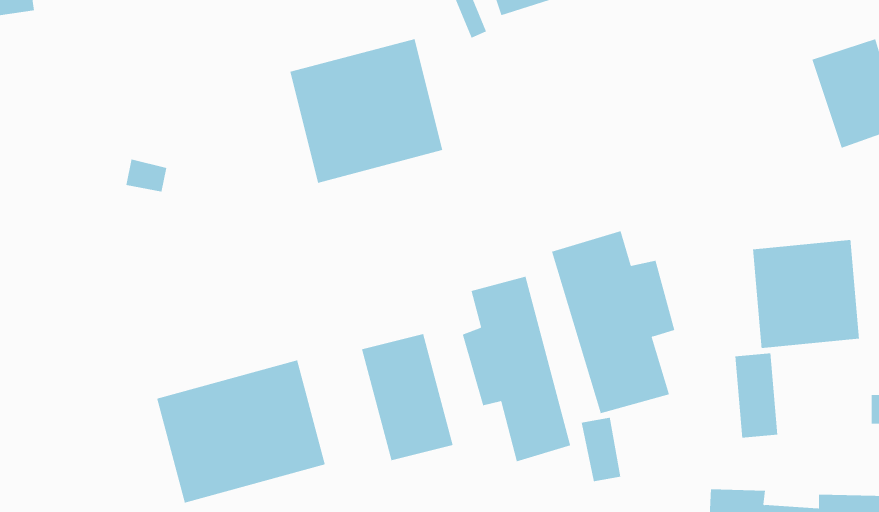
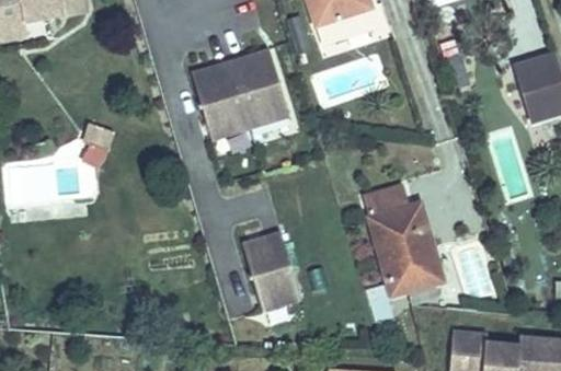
building: [753,239,859,349] -> none
building: [462,276,571,462] -> none
building: [156,359,326,504] -> none

